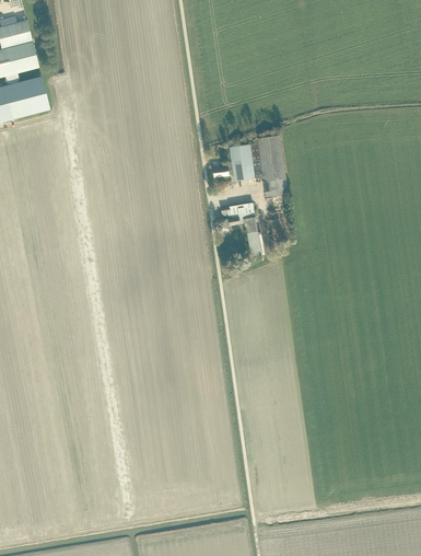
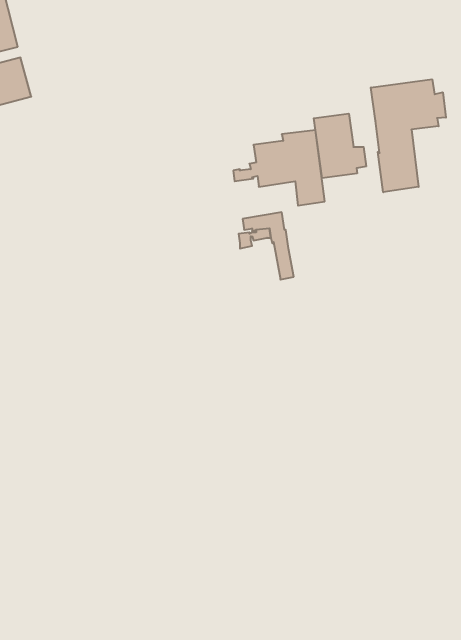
building: none -> [371,79,446,192]
building: none -> [314,114,366,178]

